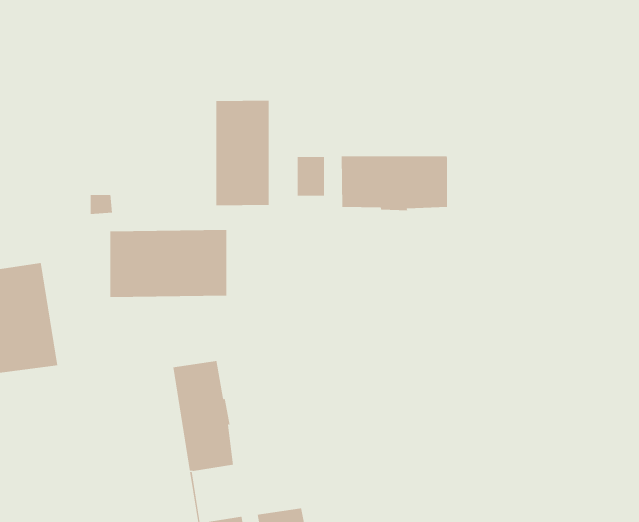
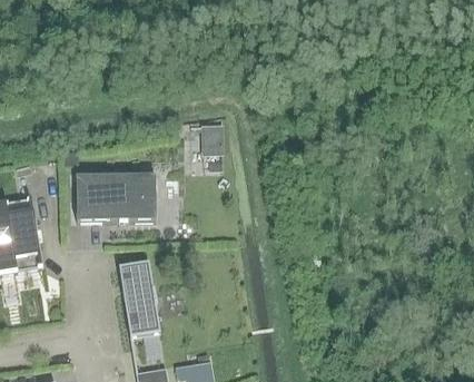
building: [216,100,269,206] -> none
building: [341,155,448,211] -> none

